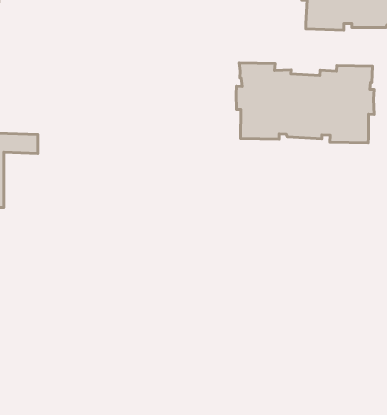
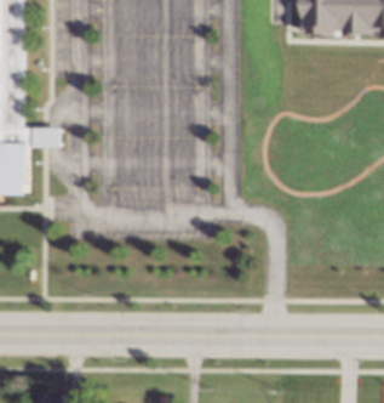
building: [236,63,374,143] -> none

